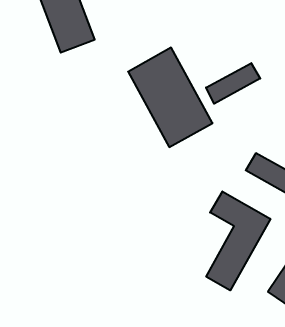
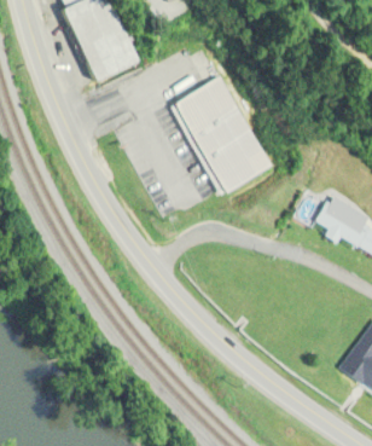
building: [206,63,260,104] -> none
building: [206,191,270,290] -> none

